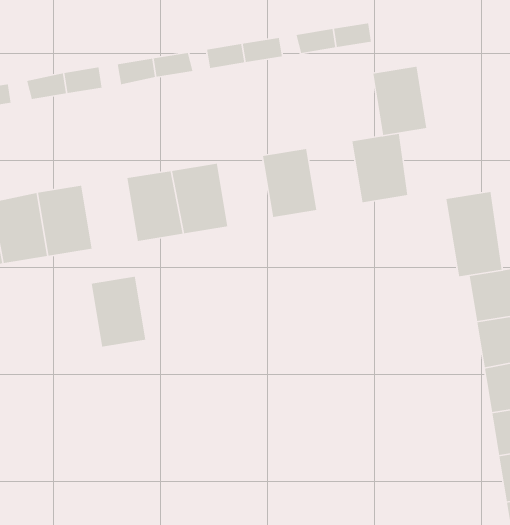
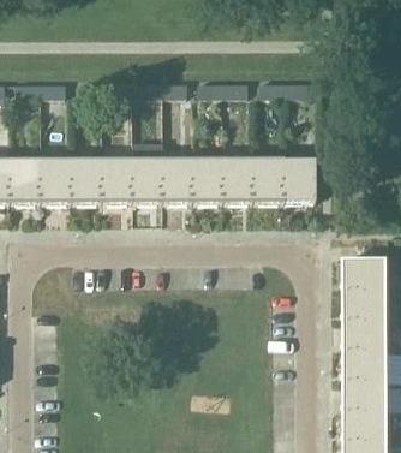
building: [372,66,427,136] -> [251,159,281,201]
building: none -> [191,159,221,202]
building: [445,191,502,277] -> none
building: [91,276,146,348] -> [100,159,130,202]

